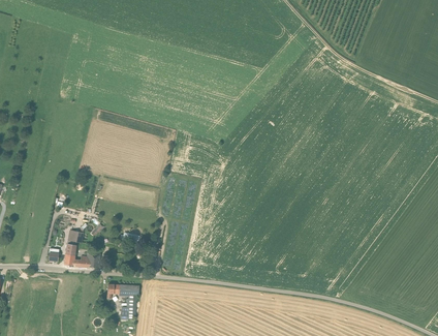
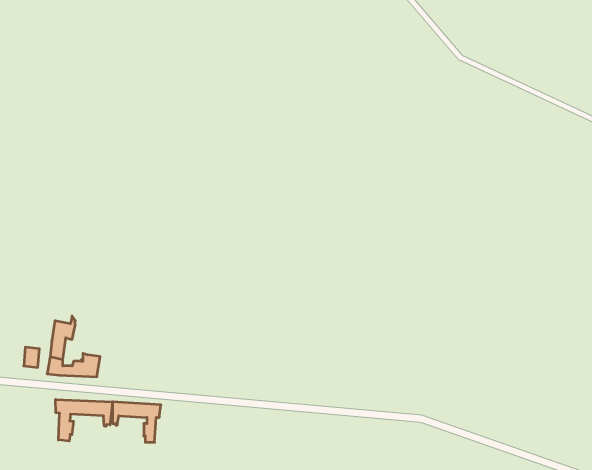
building: none -> [56,399,113,441]

